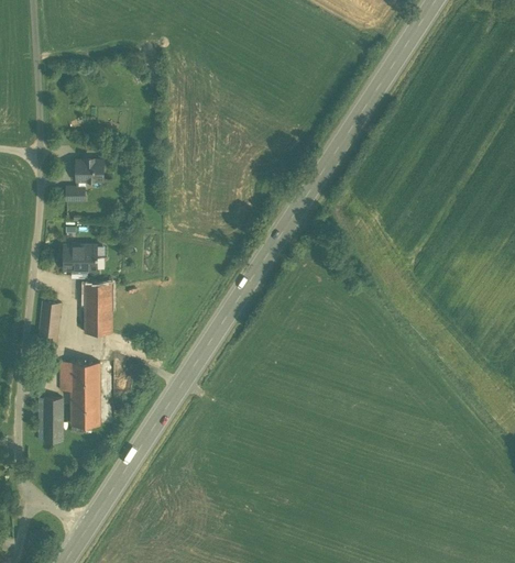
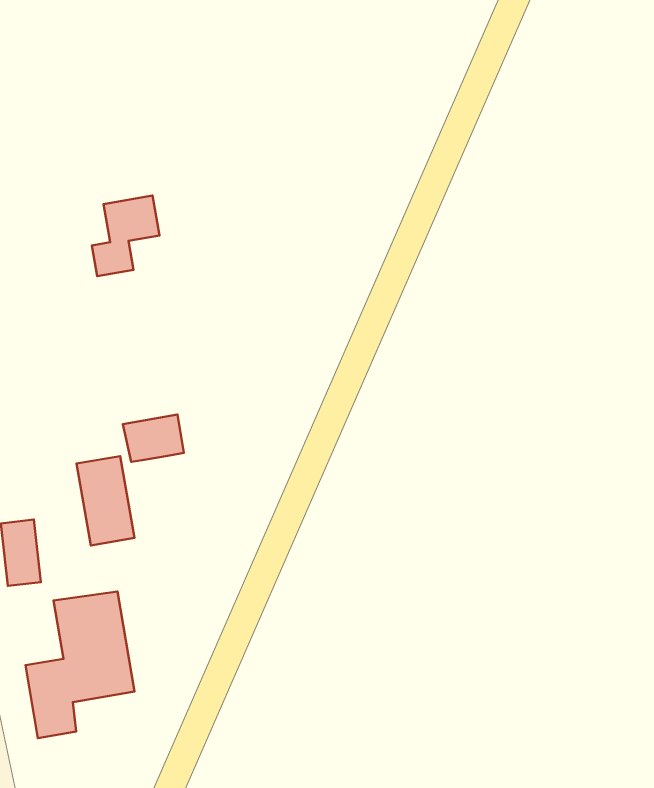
building: [65,161,106,202] -> [92,196,159,276]
building: [58,245,91,268] -> [123,415,184,462]

